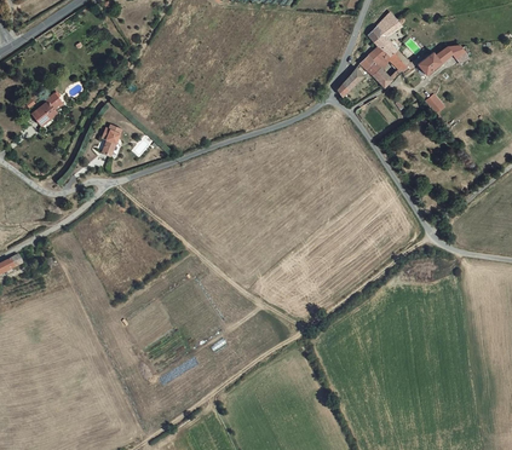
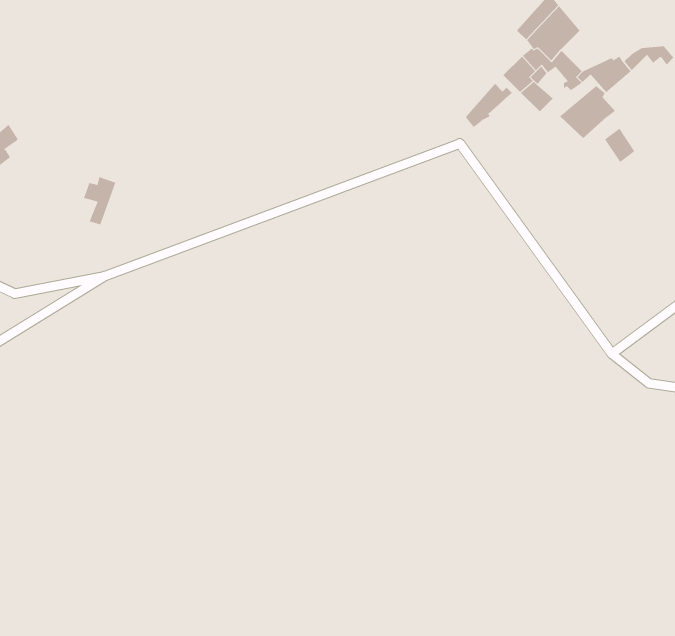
building: none -> [559,85,616,139]

